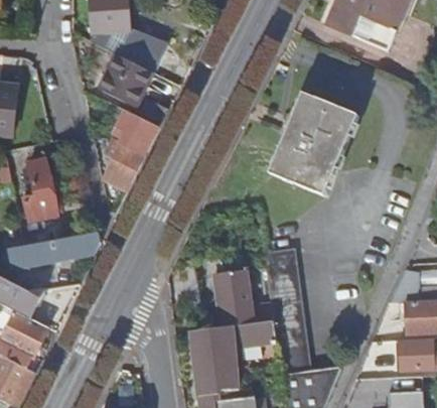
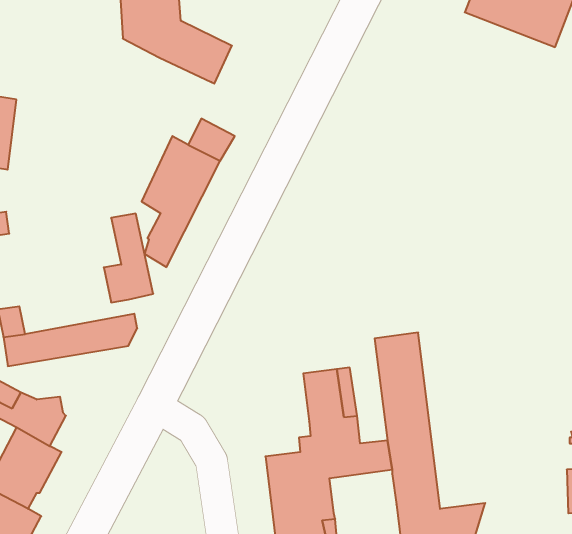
building: [99,55,152,108] -> none
building: [270,91,359,194] -> none
building: [23,159,57,221] -> [104,214,153,302]

